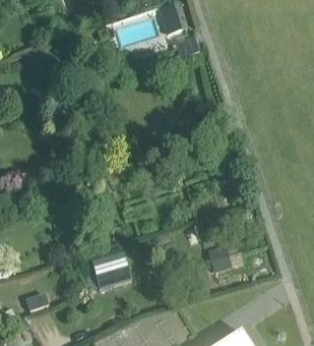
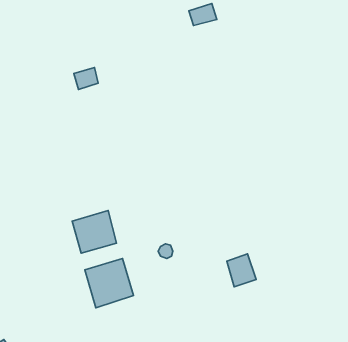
building: none -> [72,211,116,253]

